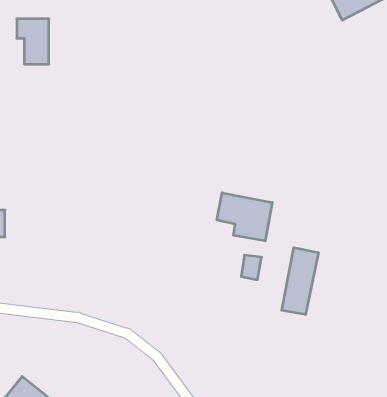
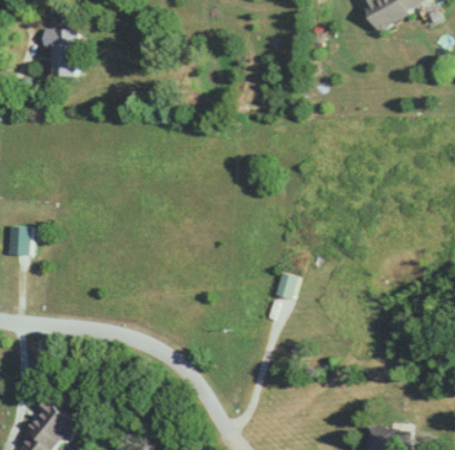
building: [217,193,272,241] -> none
building: [282,248,318,315] -> none

